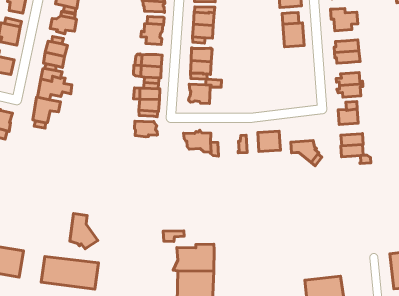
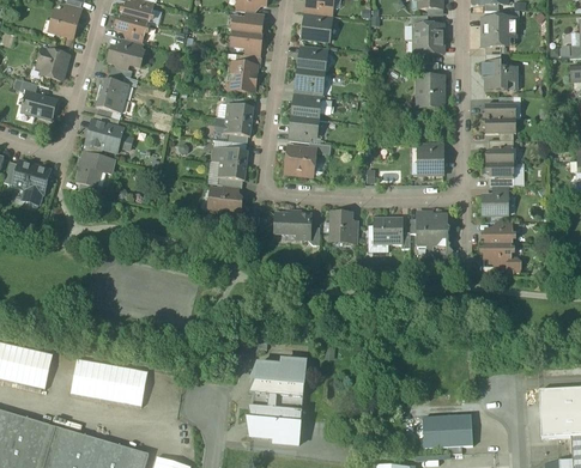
building: none -> [417,148,442,172]
building: none -> [416,211,449,232]
building: none -> [329,211,351,239]
building: [70,214,98,249] -> none

